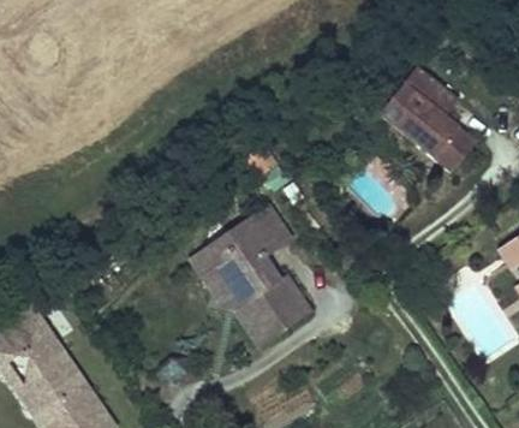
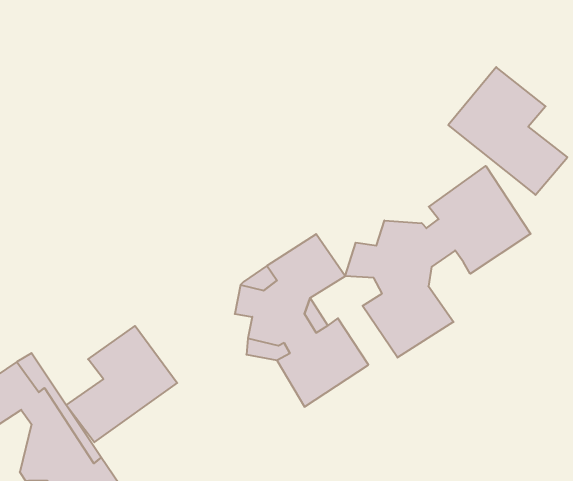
building: none -> [345,166,531,358]
building: none -> [66,326,177,442]

